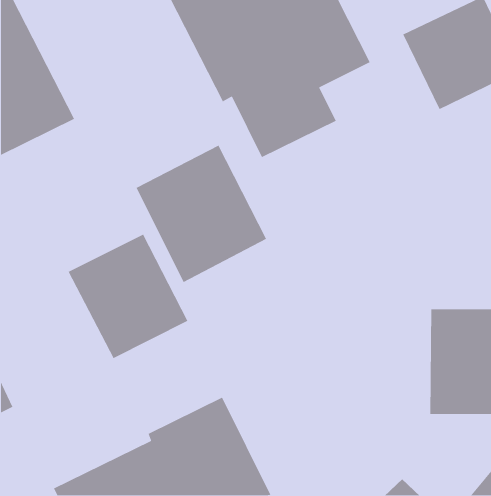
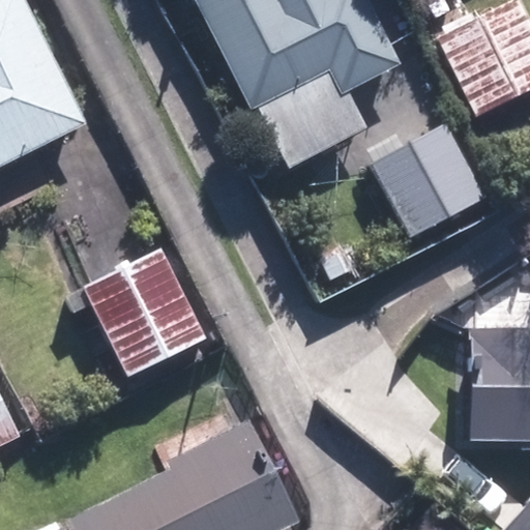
building: none -> [374,125,489,239]
building: [135,144,267,283] -> none

